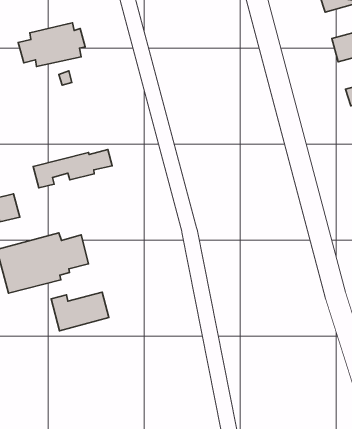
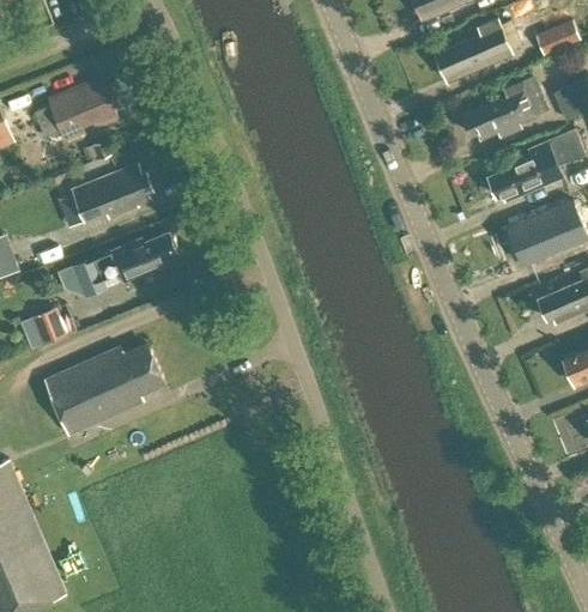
building: none -> [56,165,153,224]
building: [51,292,109,331] -> none

